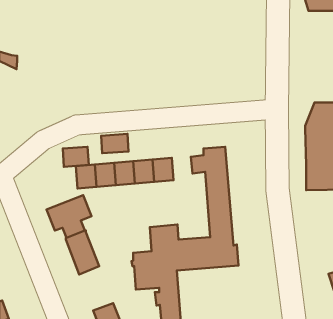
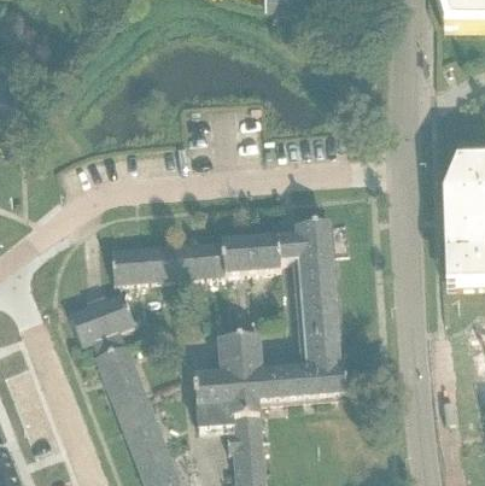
building: [101,134,129,153] -> none
building: [63,147,89,167] -> none
building: none -> [251,234,281,268]
building: none -> [117,392,166,456]

